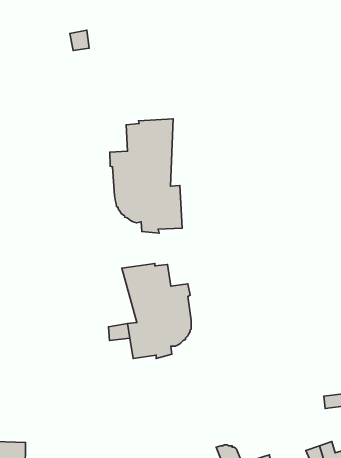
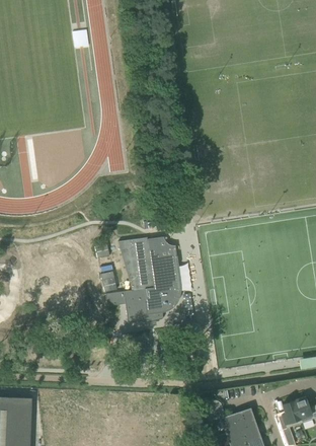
building: [110,119,182,233] -> none

